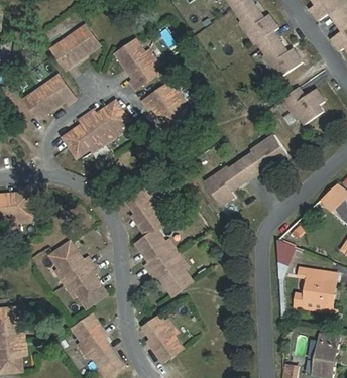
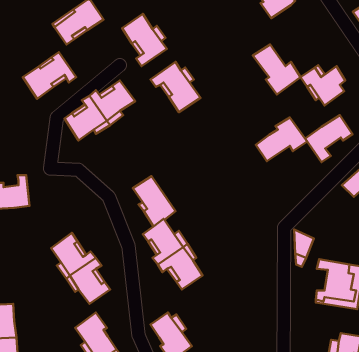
building: [256,31,301,78] -> [253,44,301,95]
building: none -> [305,115,352,162]
building: [205,160,250,204] -> none

